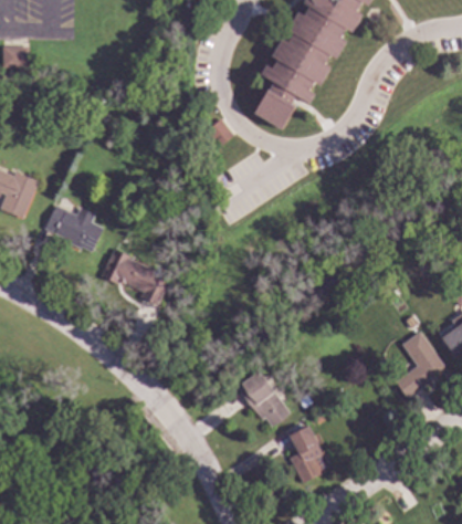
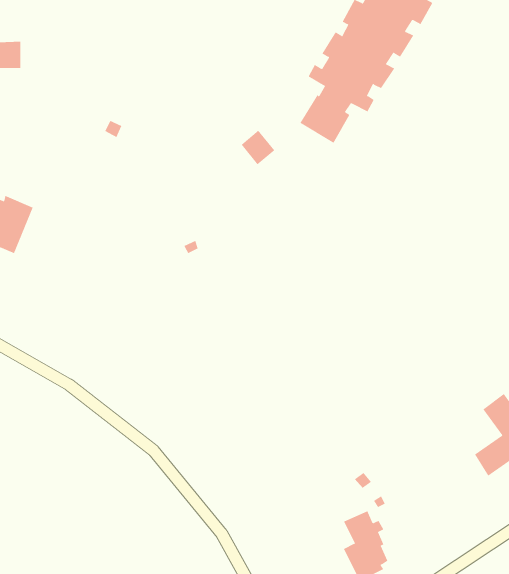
building: [44,205,104,251] -> none
building: [102,248,168,305] -> none
building: [238,370,290,426] -> none

